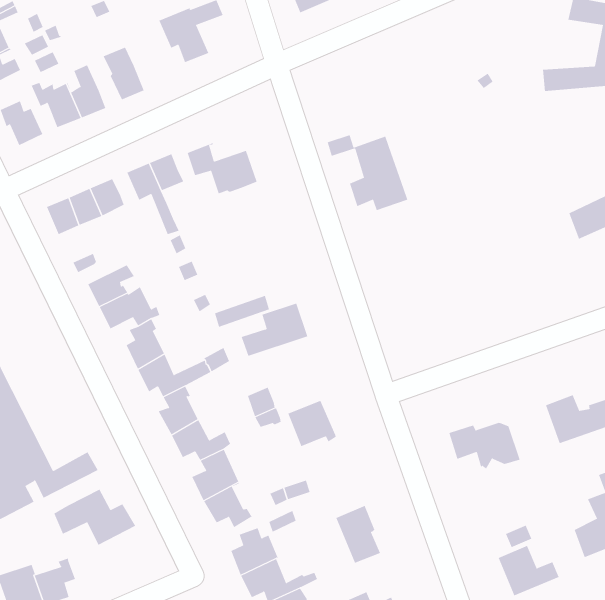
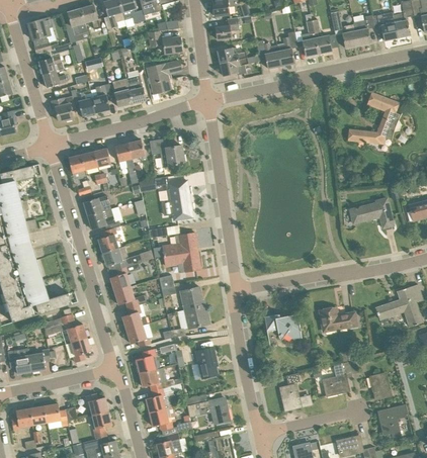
building: none -> [125,74,146,103]
building: [327,135,408,211] -> [154,176,192,219]
building: none -> [163,251,200,272]
building: none -> [183,306,209,329]
building: none -> [65,337,91,362]

